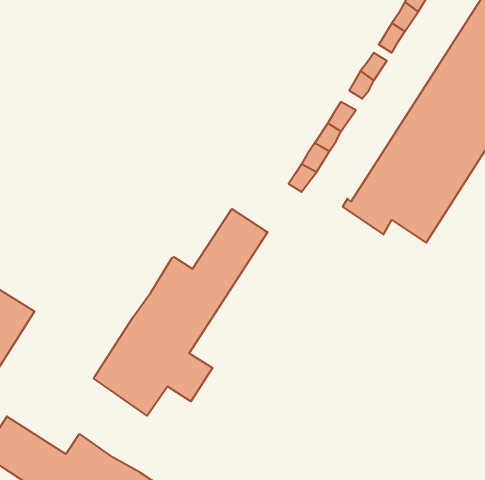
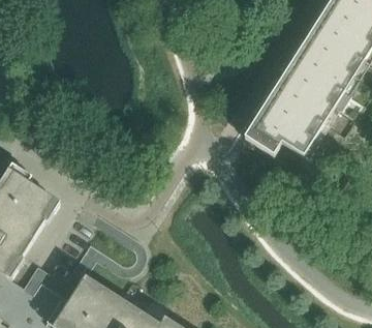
building: [94,209,268,416] -> none

